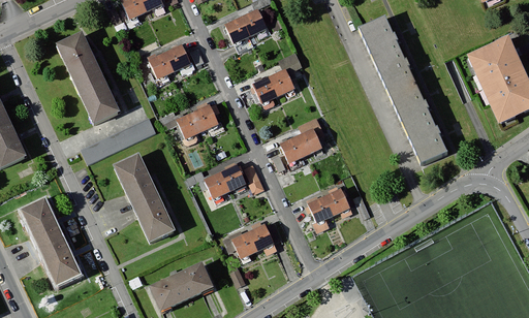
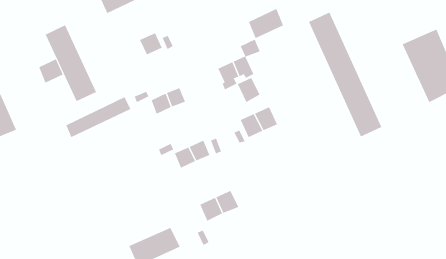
building: [225,8,267,43] -> [248,8,284,39]
building: [149,50,174,86] -> none
building: none -> [38,59,64,84]
building: none -> [237,77,260,103]
building: [114,153,176,241] -> none
building: [302,184,345,228] -> none
building: [18,195,82,287] -> none

